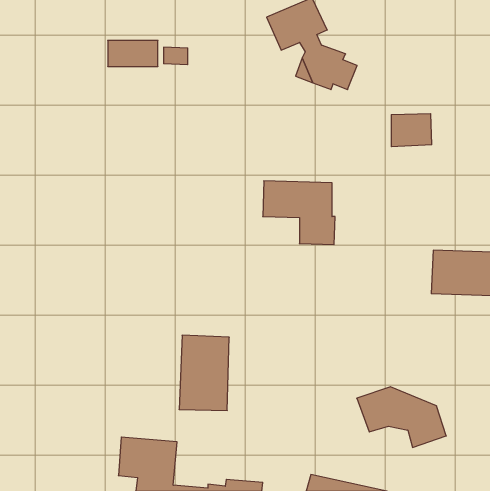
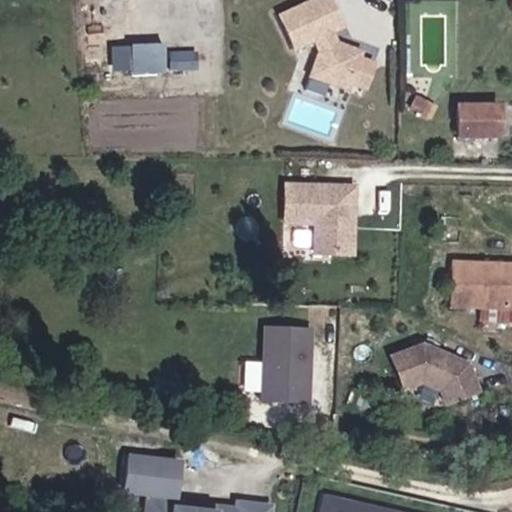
building: [391,114,432,147] -> [461,107,503,141]
building: [179,335,229,410] -> [262,325,314,403]
building: [357,387,446,447] -> [391,342,484,405]

